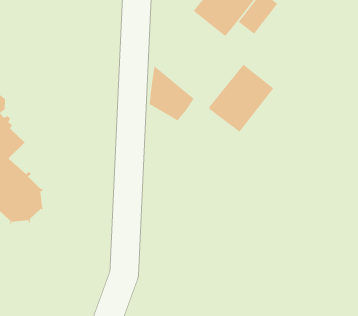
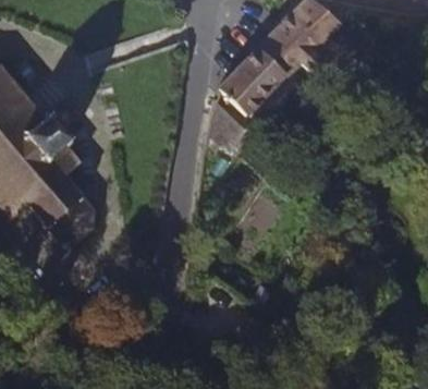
building: [209,64,274,133] -> [222,46,289,113]

